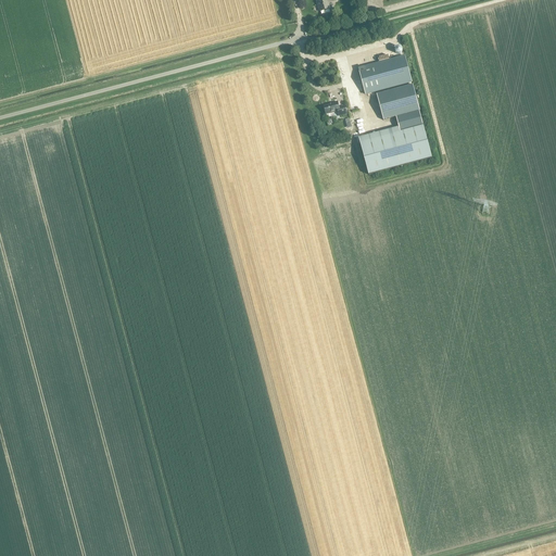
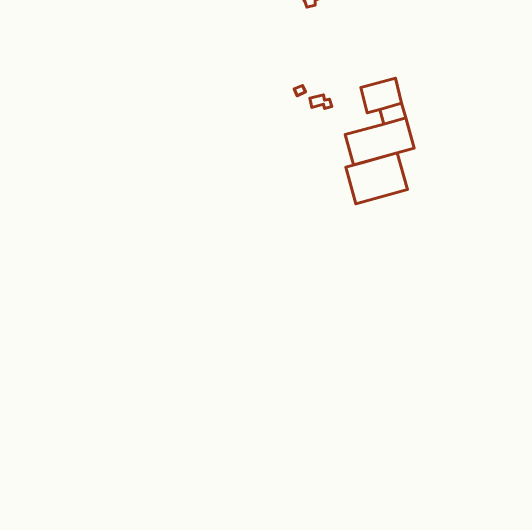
building: [357,53,410,91] -> none
building: none -> [346,153,407,204]

